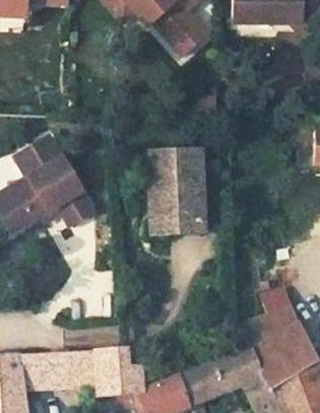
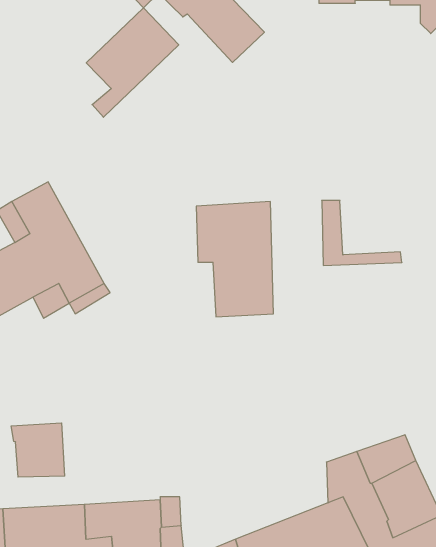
building: none -> [86,8,179,117]
building: [151,190,205,233] -> [322,200,402,265]
building: none -> [11,423,65,477]

